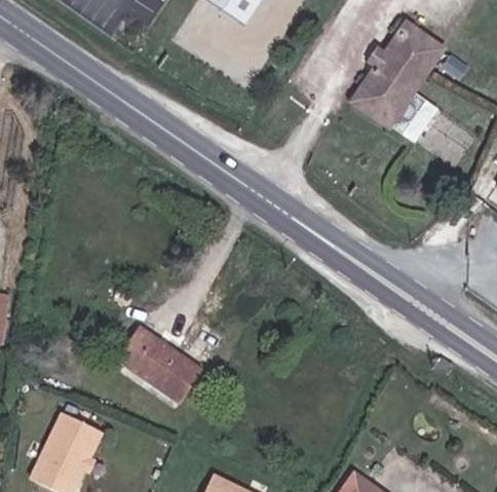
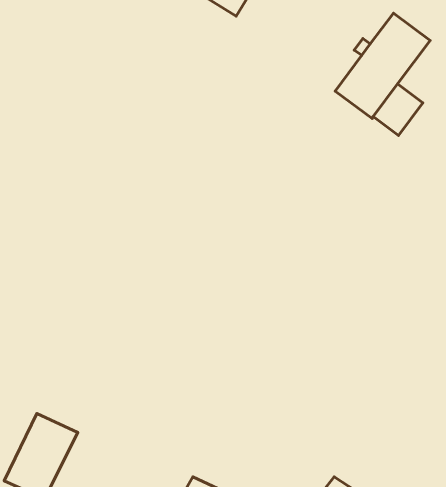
building: [114,325,200,403] -> none

